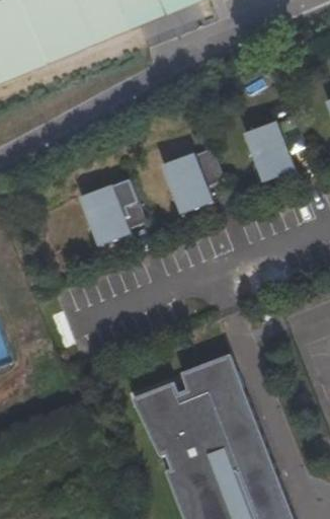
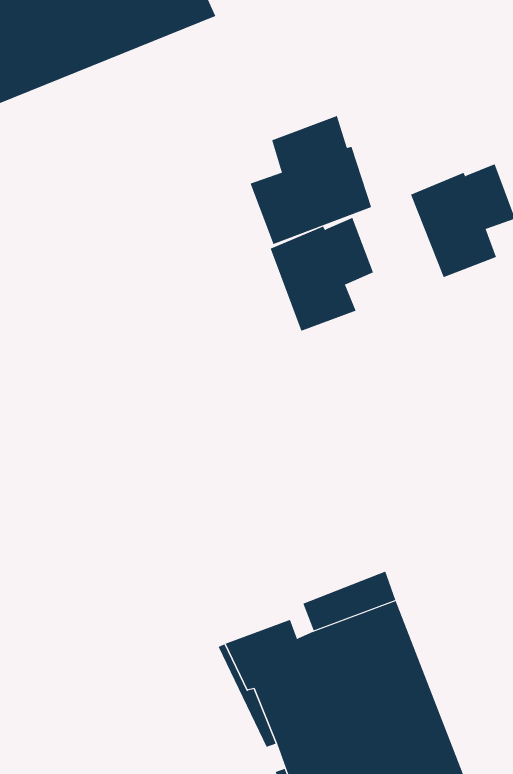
building: none -> [250,115,372,245]
building: [79,179,145,246] -> none

